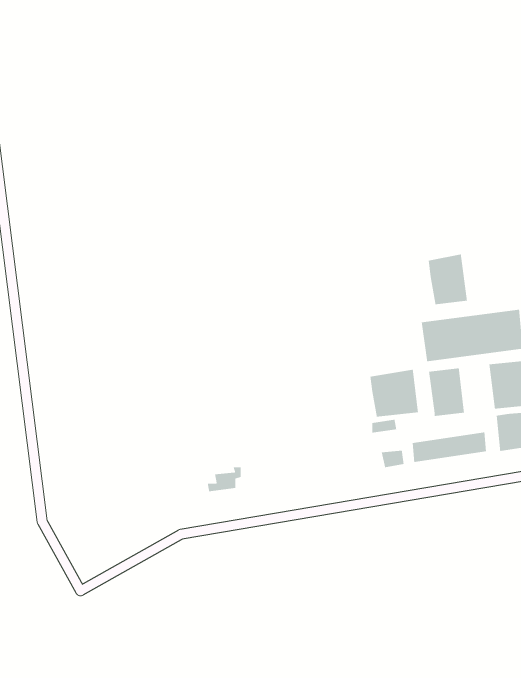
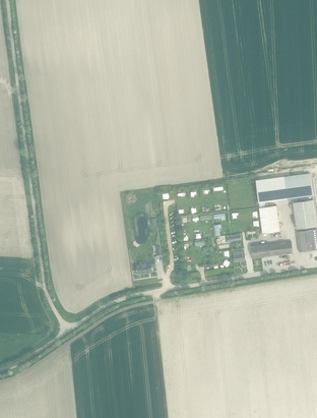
building: [428,254,468,305] -> none
building: [369,369,419,417] -> none

